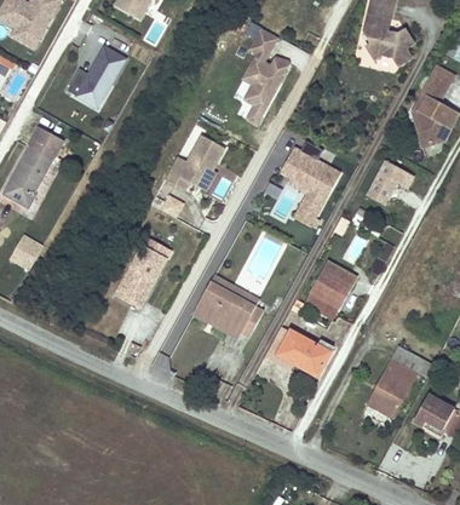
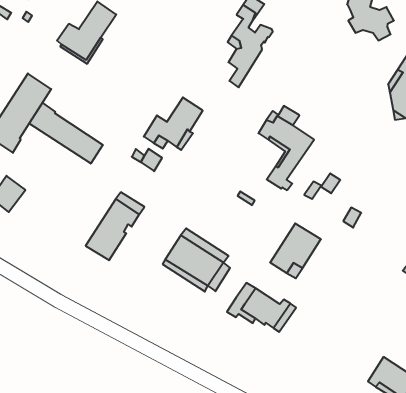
building: none -> [29,103,103,164]
building: [367,161,413,203] -> none
building: [367,344,432,418] -> none

